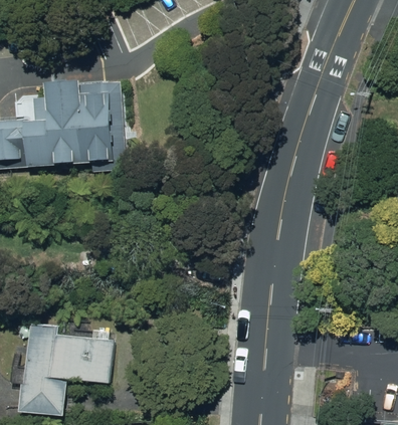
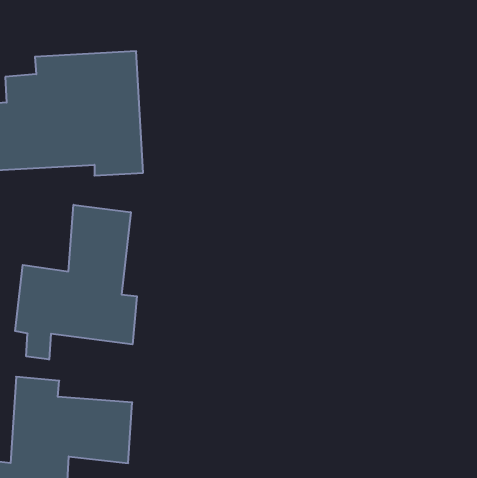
building: none -> [15,205,137,360]

